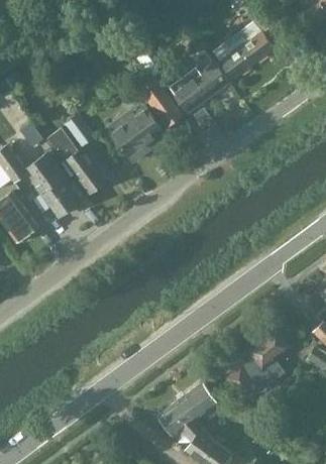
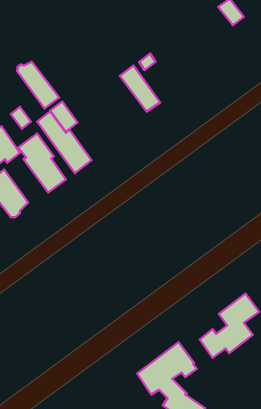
building: [213,22,273,79] -> none
building: [170,61,228,113] -> none
building: none -> [17,62,59,108]
building: [109,110,166,167] -> none

